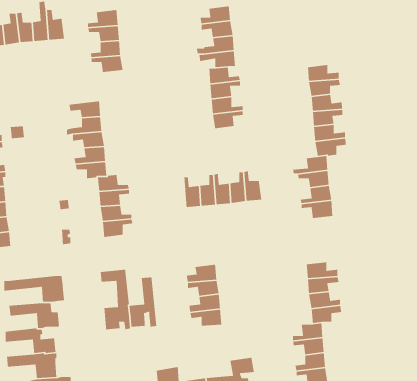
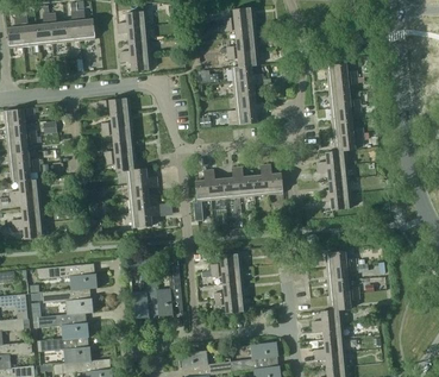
building: none -> [193,169,211,219]

